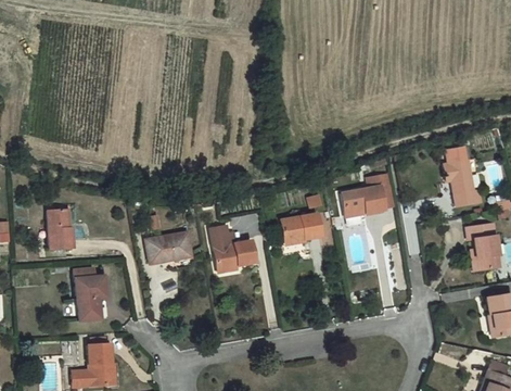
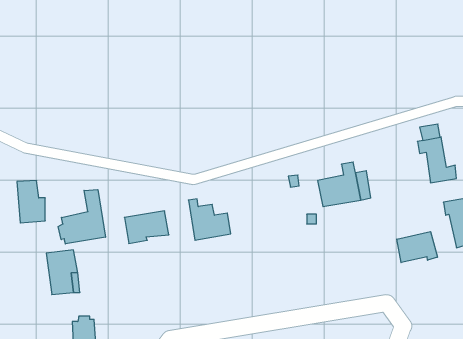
building: none -> [58,190,105,244]
building: [278,212,321,252] -> none
building: none -> [397,232,437,263]

